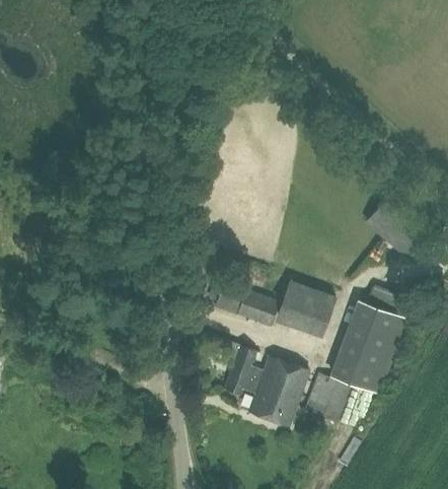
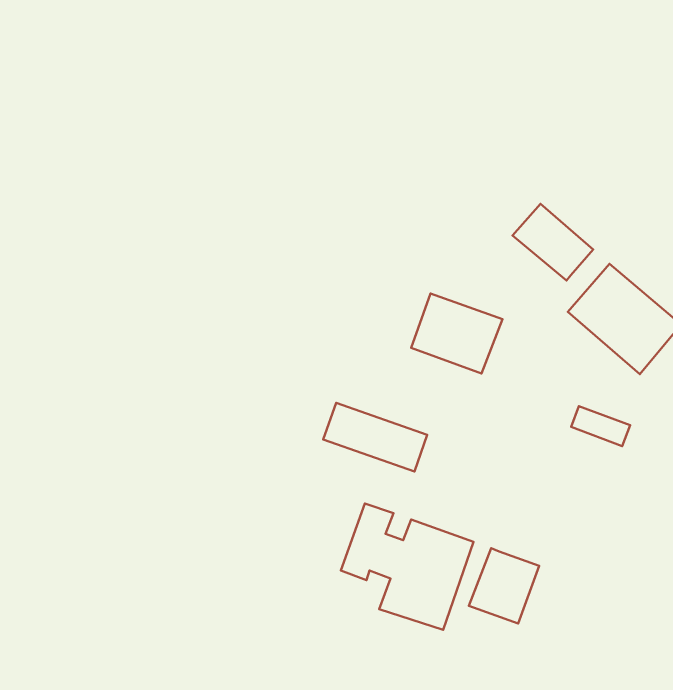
building: none -> [513,204,593,281]
building: [277,281,334,332] -> [411,294,502,374]
building: [332,301,405,395] -> none

